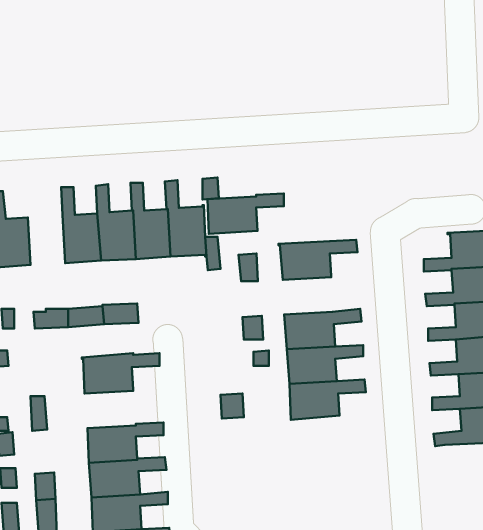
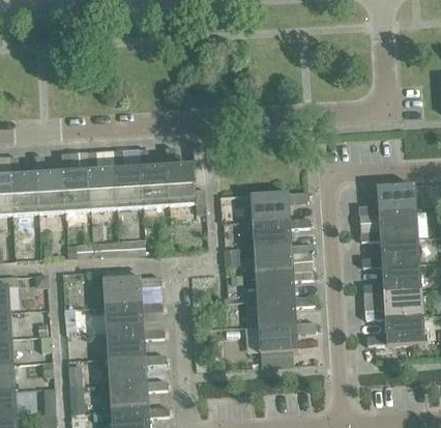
building: none -> [61,151,90,208]
building: [208,194,284,234] -> [253,216,310,246]
building: none -> [105,301,163,331]
building: none -> [259,320,316,365]

